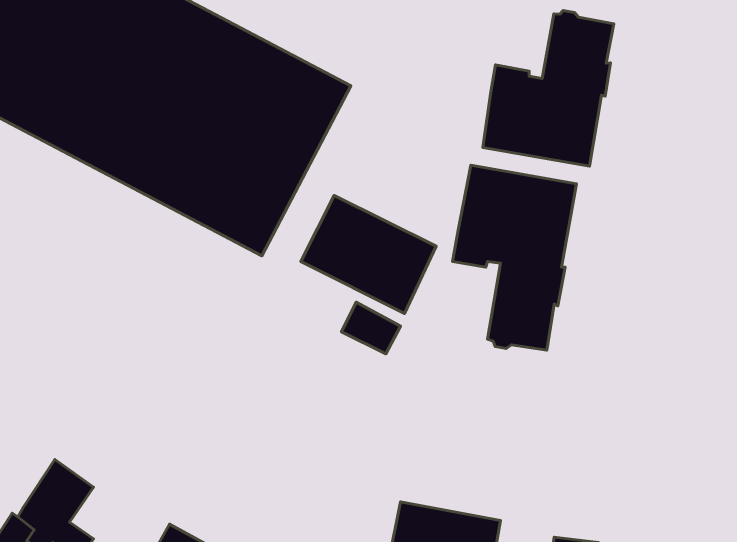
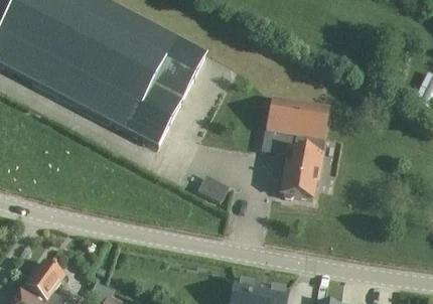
building: [483,10,614,166] -> none
building: [301,196,436,313] -> none

